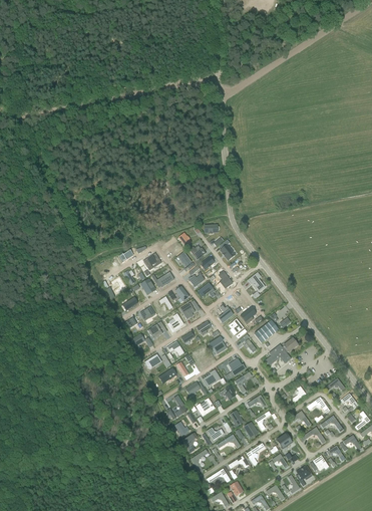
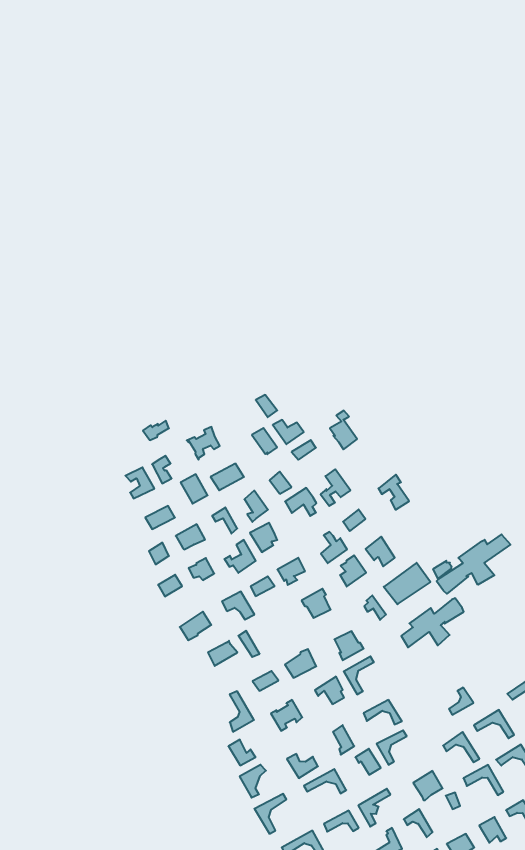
building: none -> [437,534,510,594]

